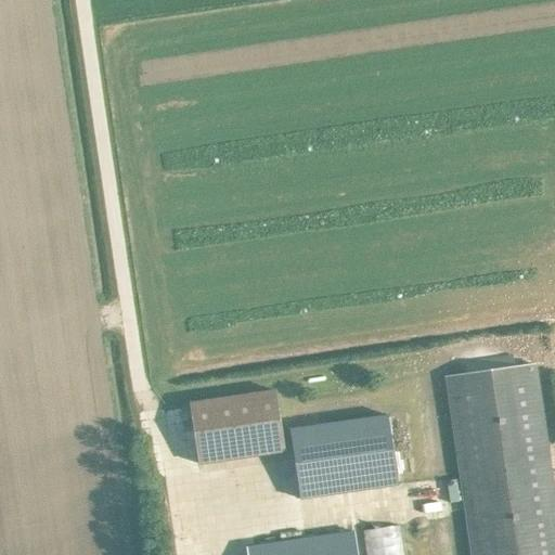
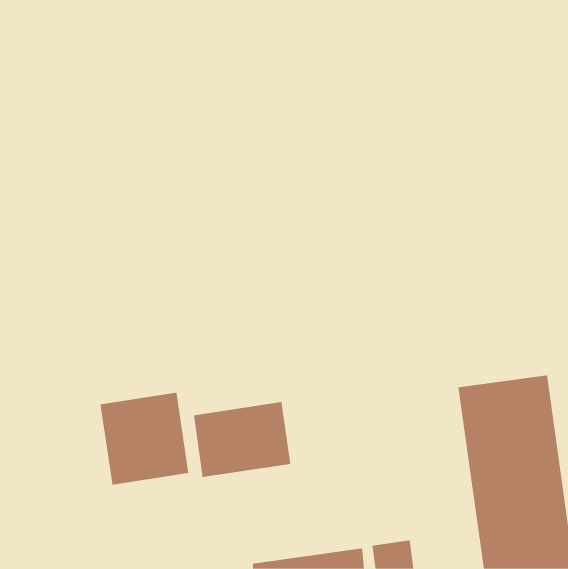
building: none -> [100,392,189,485]
building: [291,415,398,498] -> none

